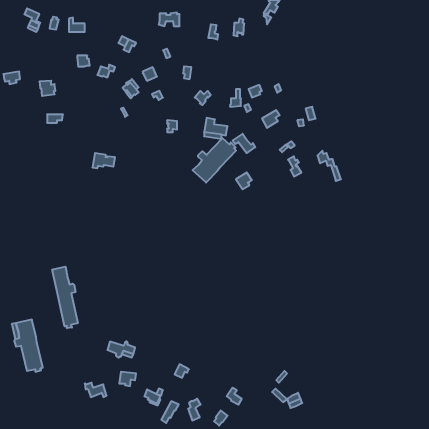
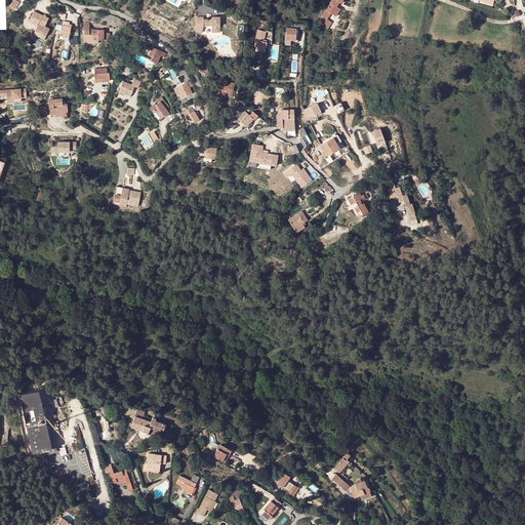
building: [193,138,236,183] -> none
building: [52,267,78,328] -> none

